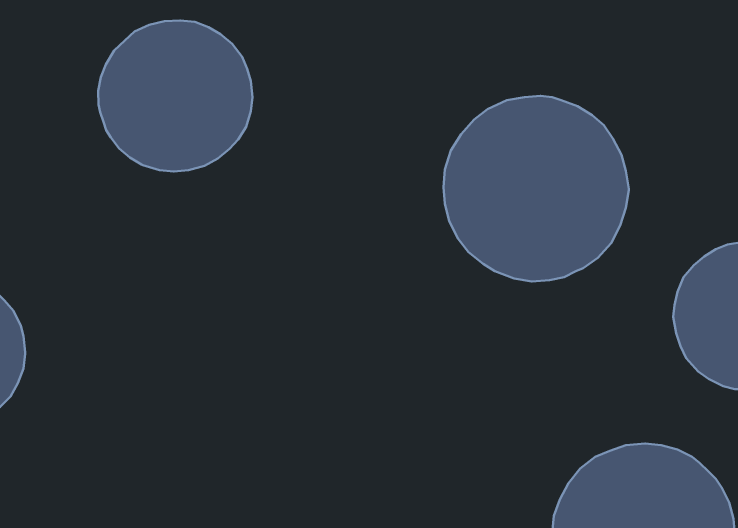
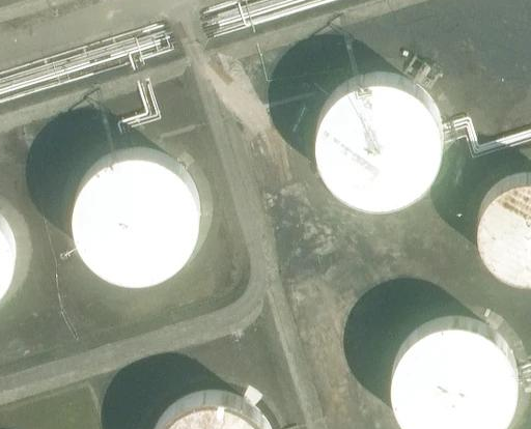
building: [98,20,253,172] -> none
building: none -> [74,159,200,285]

